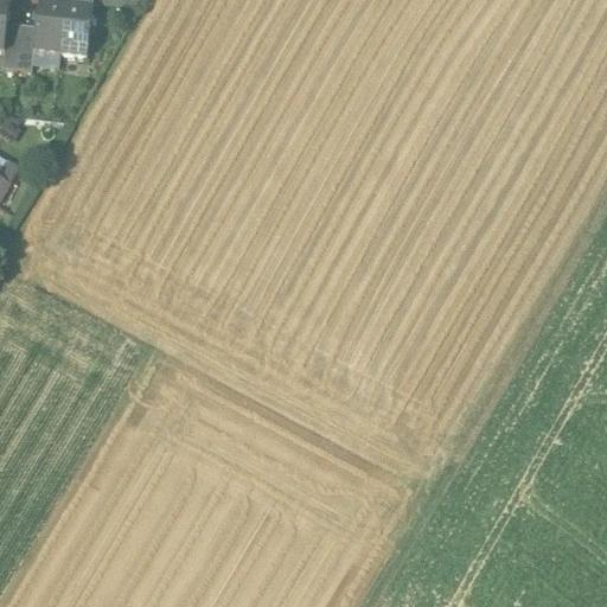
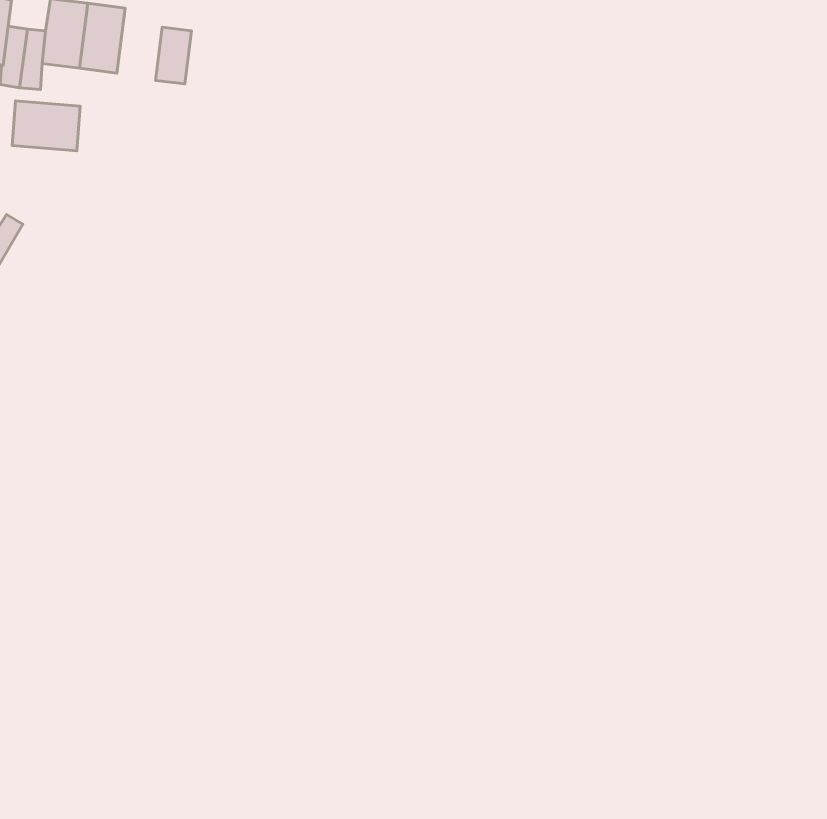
building: none -> [156,27,191,84]
building: none -> [12,101,80,151]

